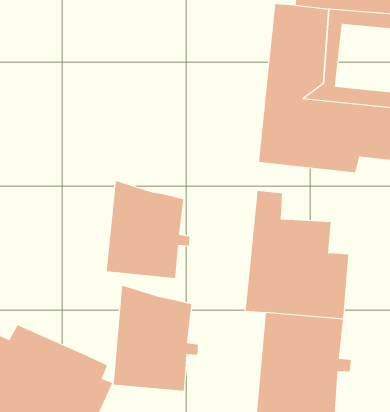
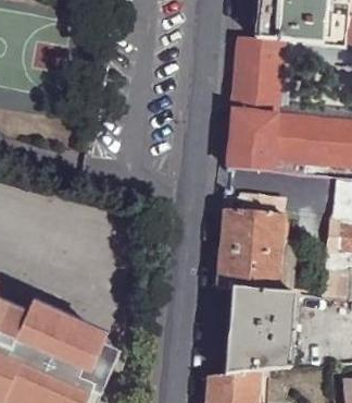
building: [106,180,190,279] -> none
building: [113,285,198,391] -> none

